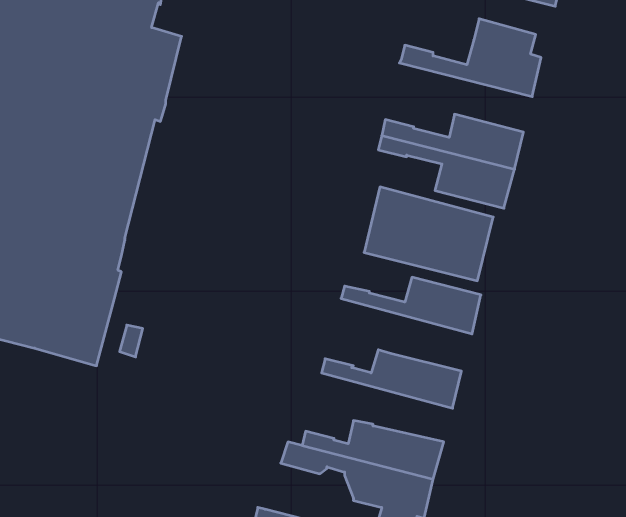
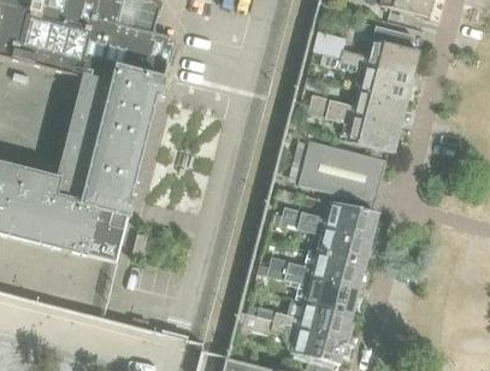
building: none -> [319,55,412,102]
building: none -> [279,216,371,265]
building: none -> [266,266,358,313]

